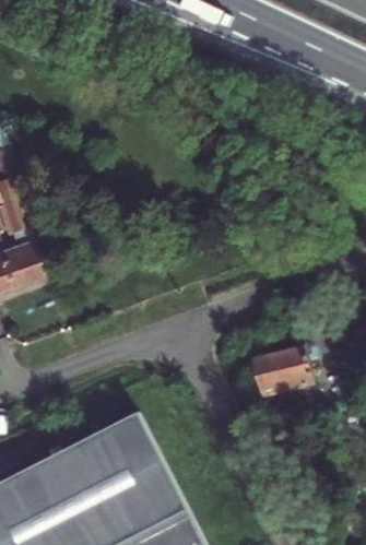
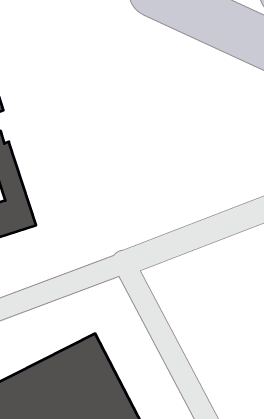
building: [249,347,309,394] -> none

